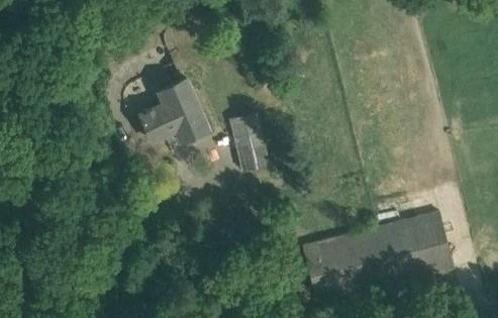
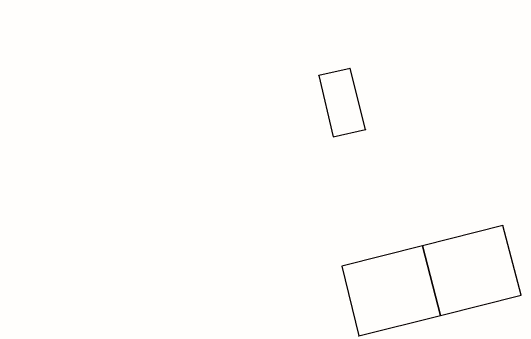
building: [139,78,209,143] -> none
building: [230,113,270,171] -> [319,68,366,137]

